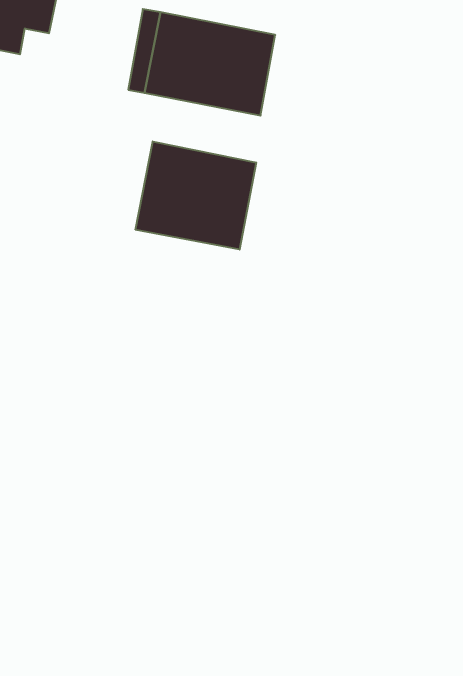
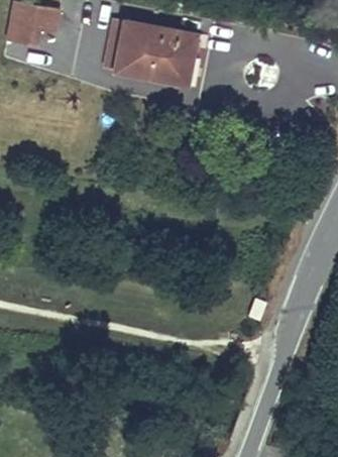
building: [136,141,256,250] -> none

